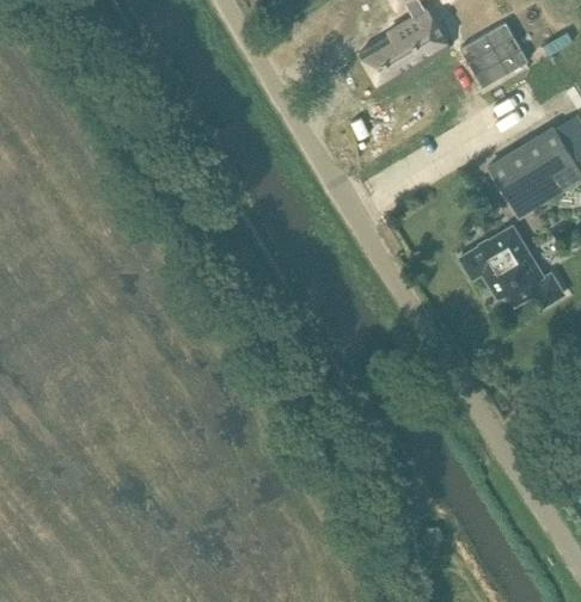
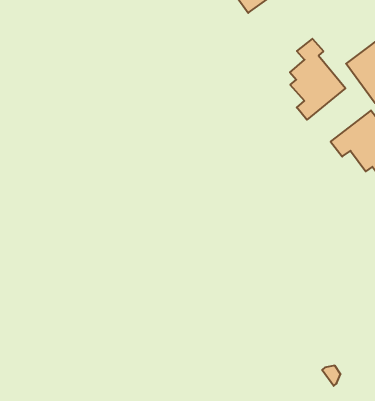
building: none -> [290,39,345,120]

